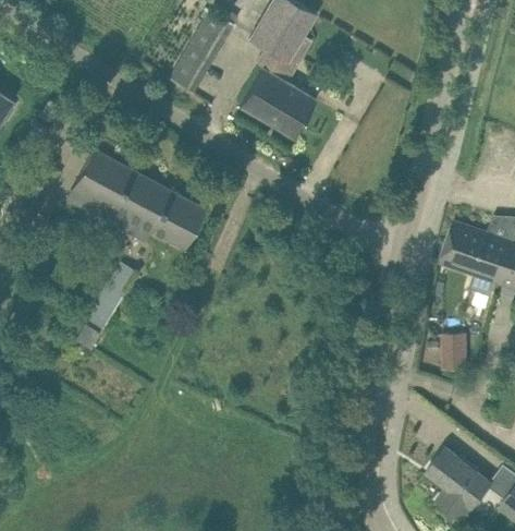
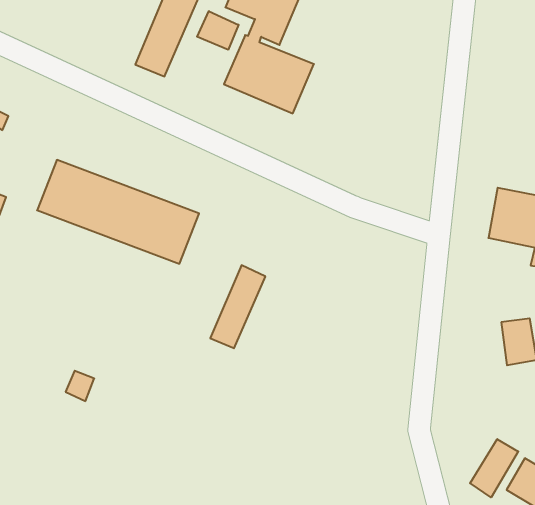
building: none -> [197,11,239,50]
building: [83,262,135,329] -> [210,265,265,348]
building: none -> [470,439,518,497]

